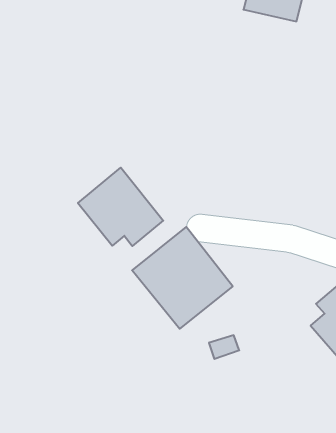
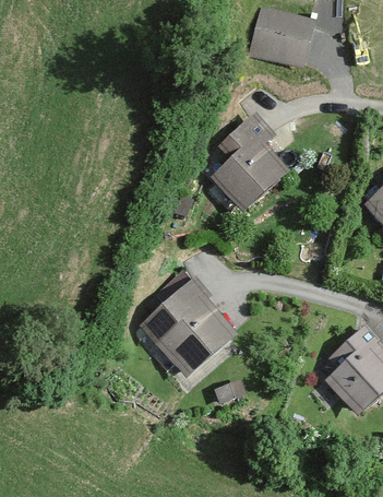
building: none -> [208,107,292,214]
building: [78,168,163,246] -> none

